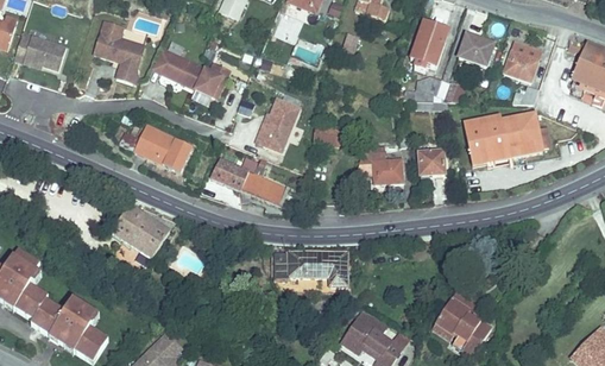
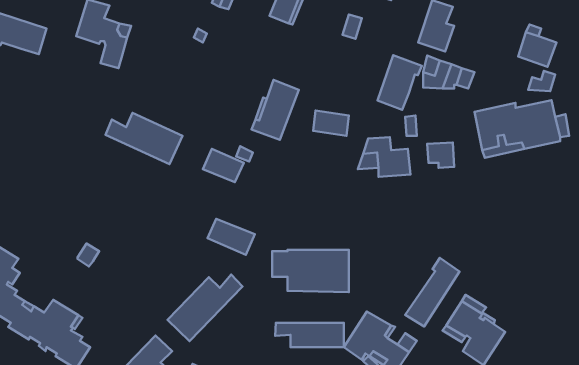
building: [459,34,494,67] -> none
building: [155,48,231,97] -> none
building: none -> [377,55,422,110]
building: [241,171,285,204] -> [207,219,255,255]
building: [113,206,170,259] -> none
building: none -> [405,258,459,326]
building: none -> [168,275,243,341]
building: none -> [275,323,344,347]

